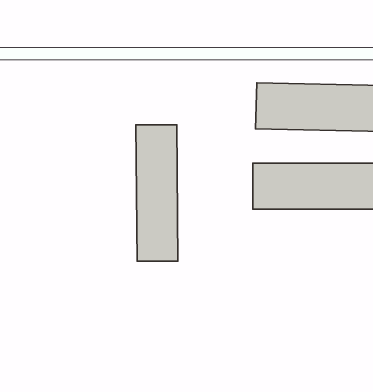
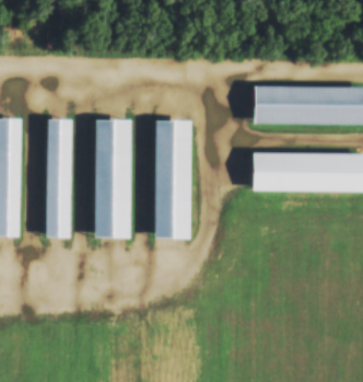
building: none -> [46,119,71,234]
building: none -> [95,121,131,240]

